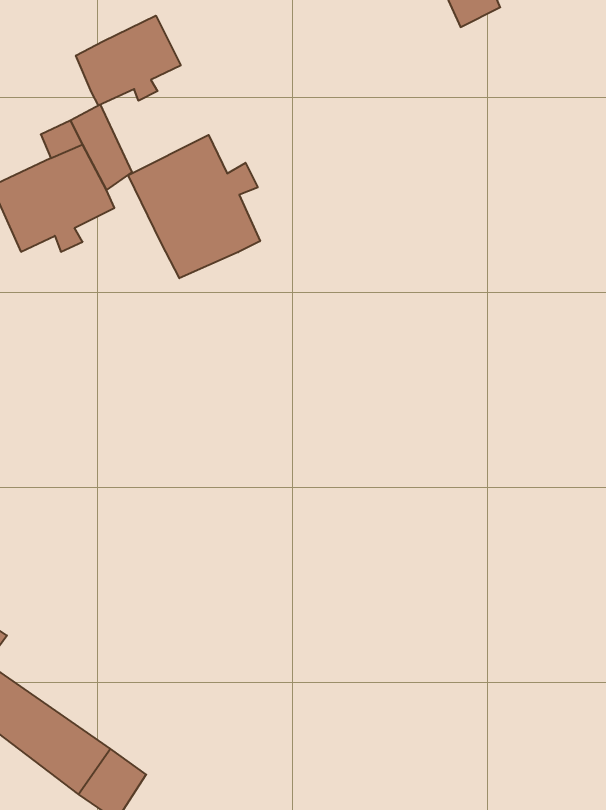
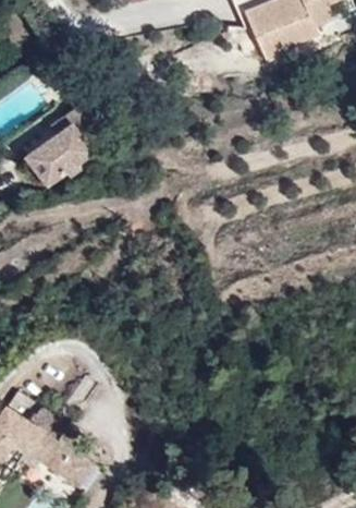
building: [76,16,181,106] -> none
building: [128,135,260,278] -> none

